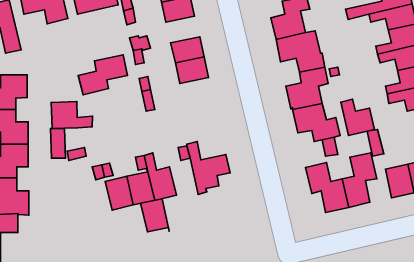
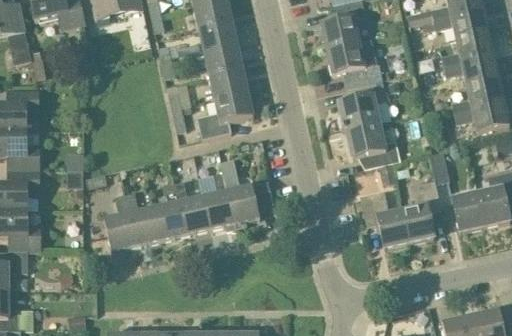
building: none -> [199,22,238,53]
building: [78,55,128,95] -> [196,93,253,139]
building: [341,99,375,136] -> none
building: [51,102,92,129] -> none
building: none -> [104,213,137,251]
building: [141,199,169,232] -> [203,191,236,229]

